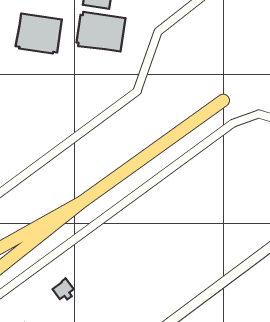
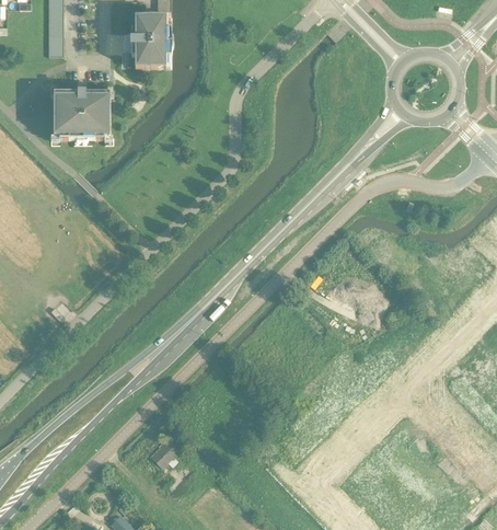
building: [77,12,126,52] -> none

